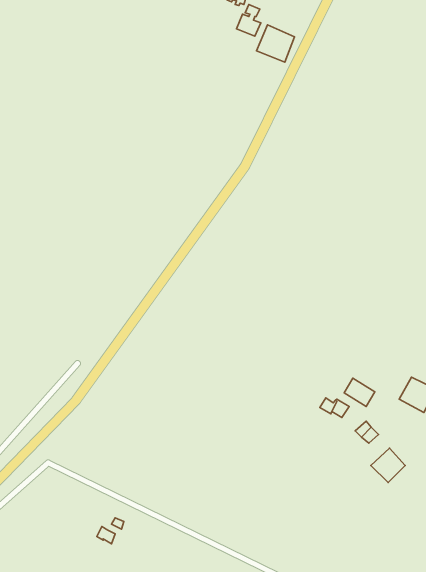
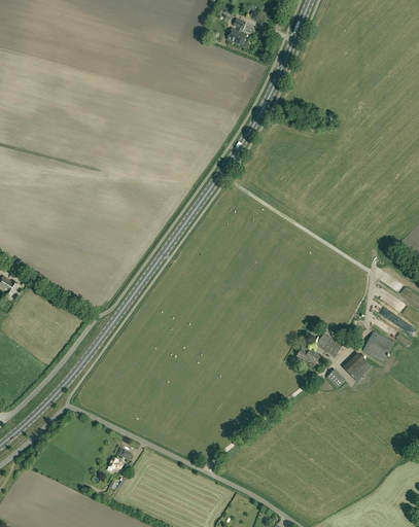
building: [257,25,295,62] -> none
building: [371,448,405,483] -> [342,352,371,381]

